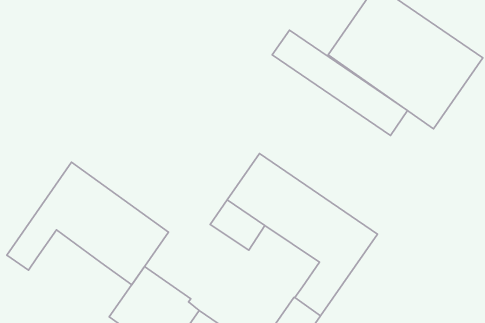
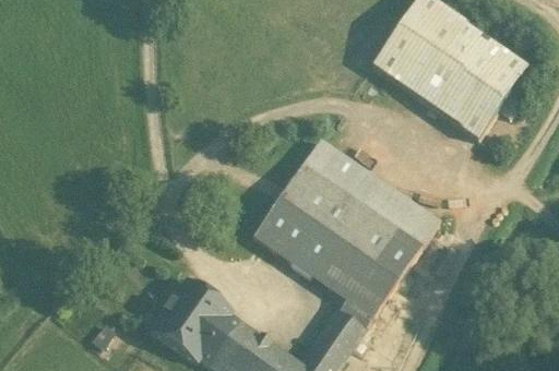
building: [272,30,408,135] -> [302,137,440,244]
building: [7,162,168,285] -> none
building: none -> [292,236,364,298]

